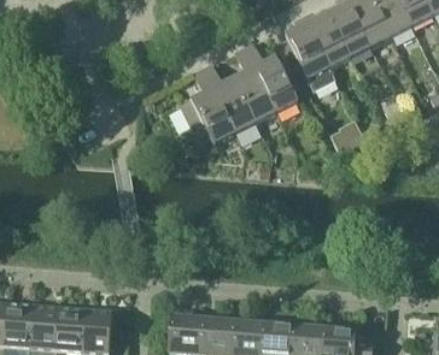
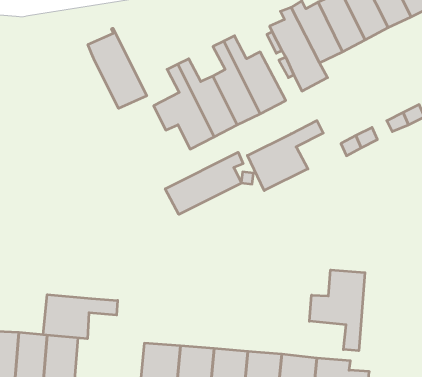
building: none -> [88,28,147,108]
building: none -> [247,121,323,191]
building: none -> [165,152,243,214]
building: none -> [309,270,365,351]
building: none -> [43,295,118,339]

